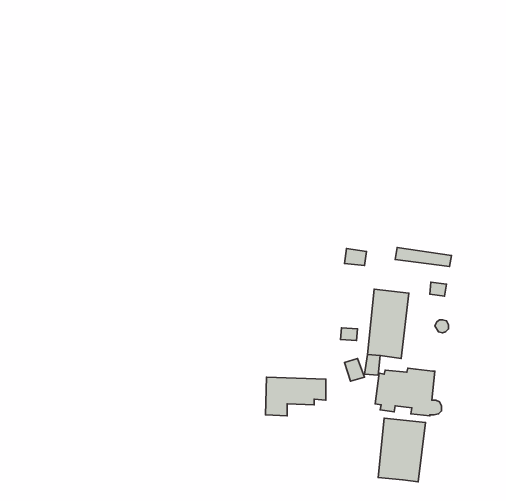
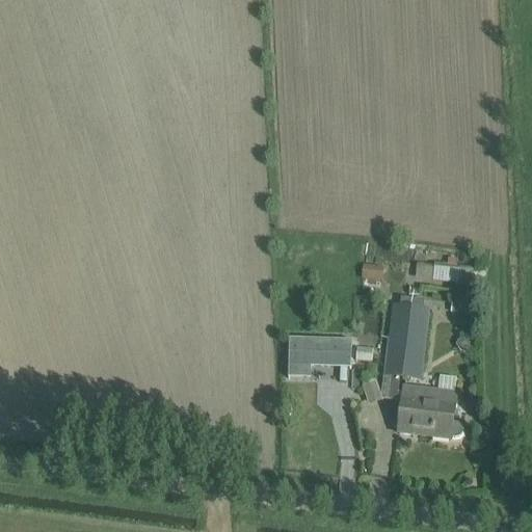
building: [266,377,326,416] -> [288,336,351,376]
building: [378,418,425,482] -> none

